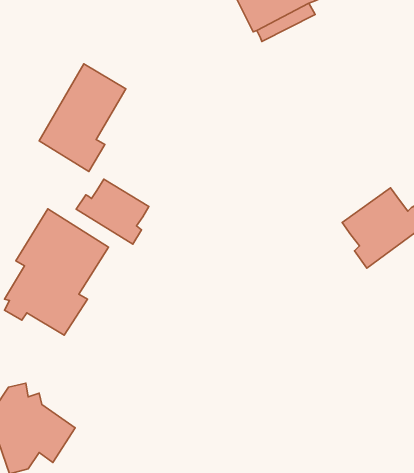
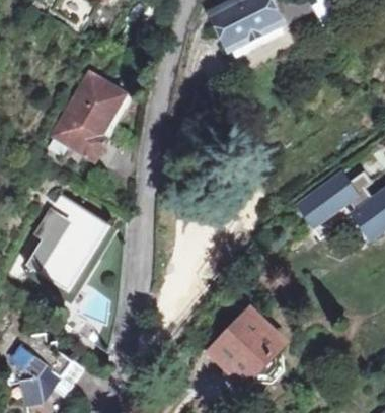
building: [76,179,149,244] -> none
building: none -> [213,314,282,383]

